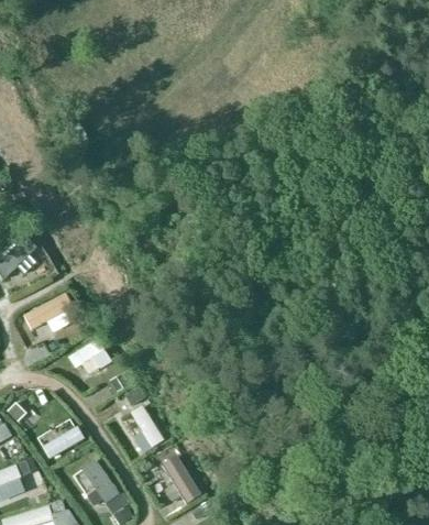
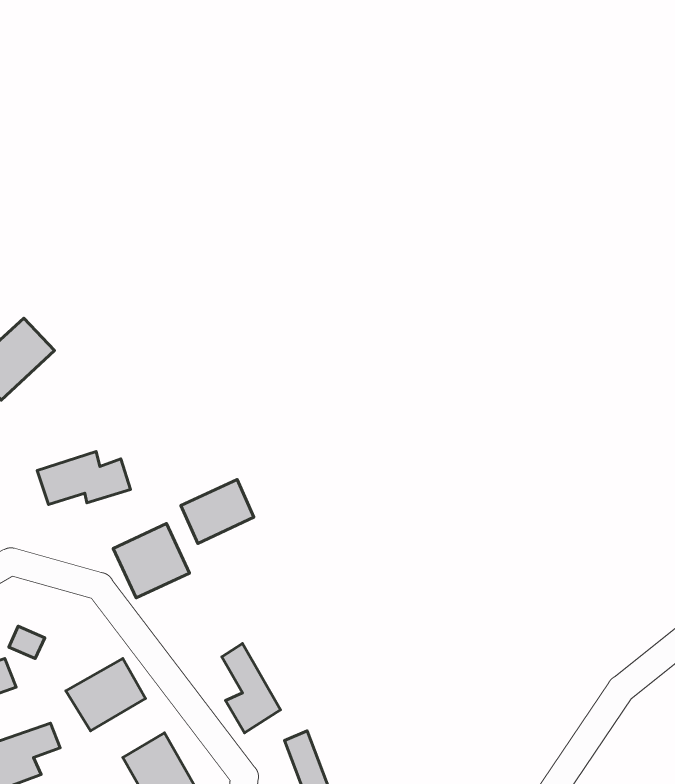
building: none -> [181,480,254,543]

